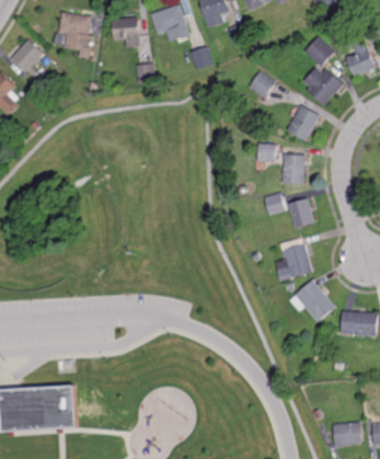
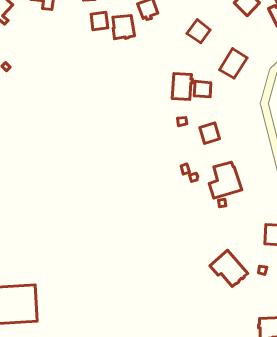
building: none -> [113,15,134,39]
building: [303,68,343,106] -> none
building: [281,154,306,185] -> [172,73,193,100]
building: [288,198,314,229] -> none
building: [290,280,335,323] -> [210,250,248,286]

